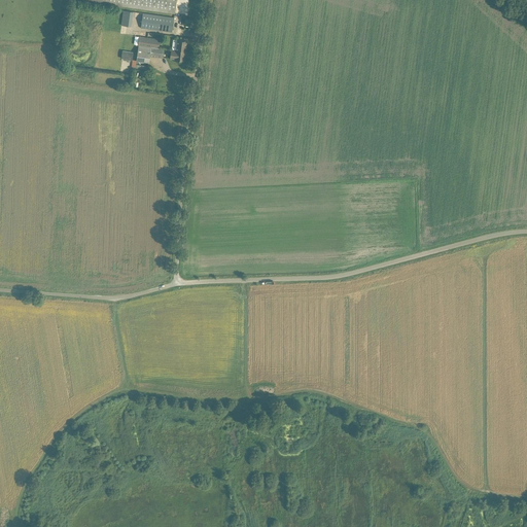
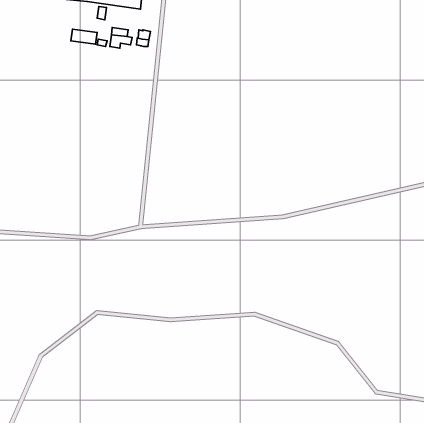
building: [140,11,173,30] -> [71,29,97,44]

